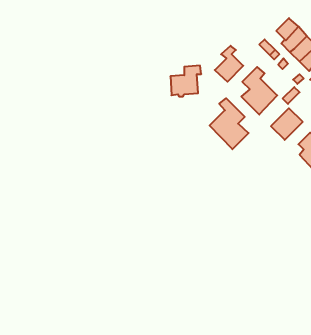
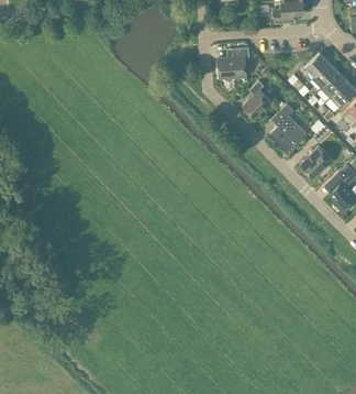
building: [170,66,201,96] -> [216,48,248,80]
building: [210,98,249,149] -> none

